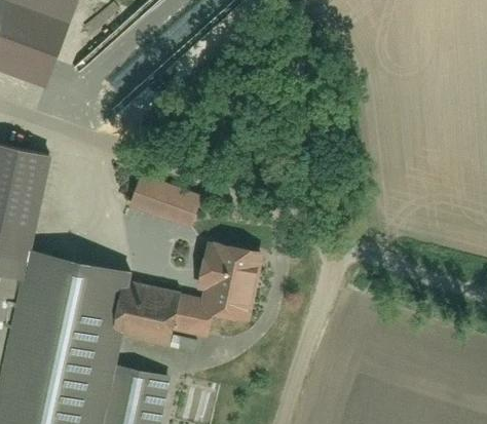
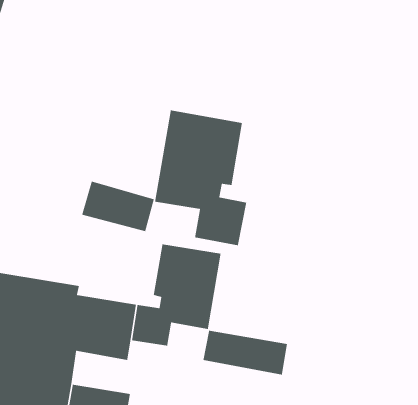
building: none -> [154,109,247,246]
building: none -> [203,330,288,375]

